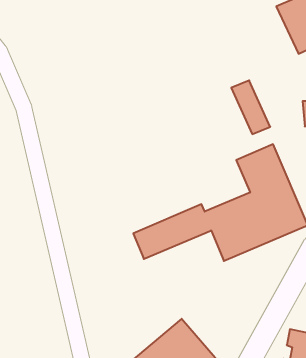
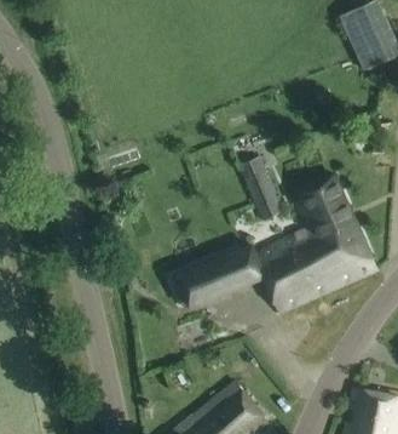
building: [231,80,270,134] -> [243,161,288,223]

